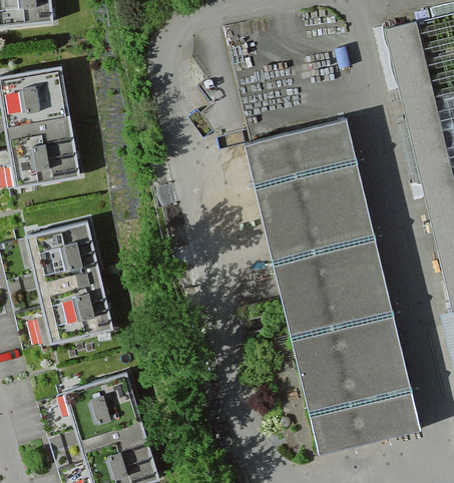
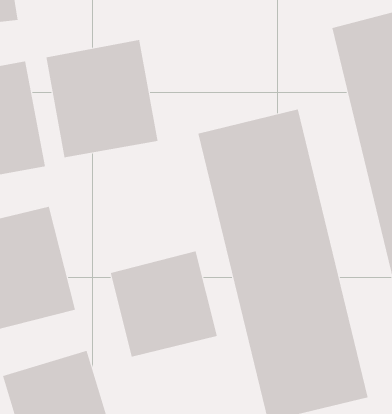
building: none -> [46,39,158,158]
building: none -> [110,250,218,358]

